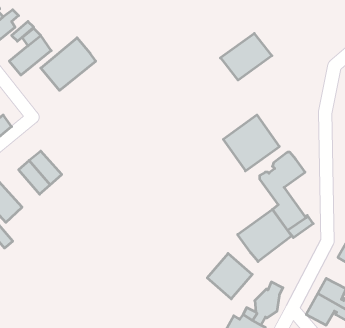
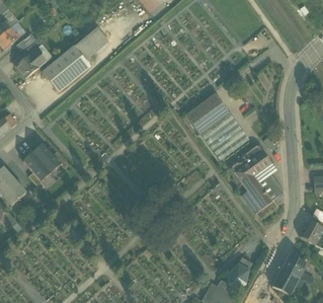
building: none -> [73,26,107,59]
building: [220,33,272,80] -> [184,93,229,134]
building: [238,209,292,262] -> none
building: [207,253,252,299] -> none

